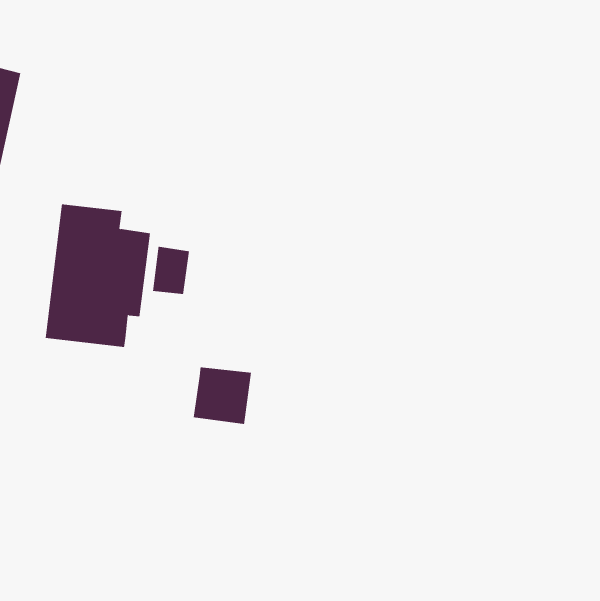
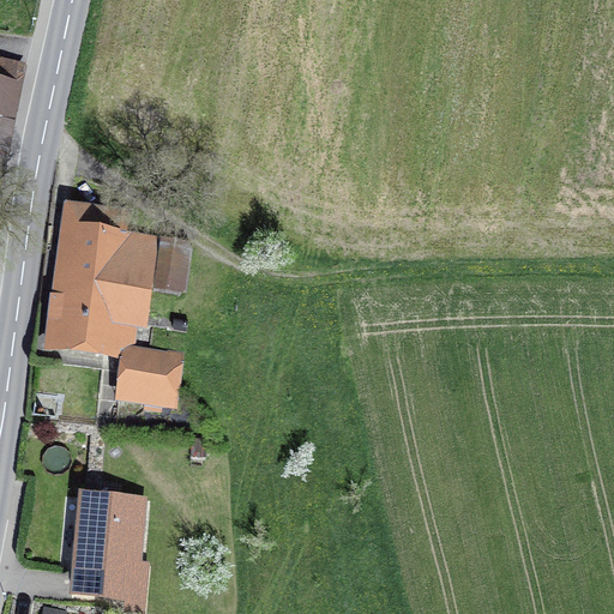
building: [193,367,252,424] -> [121,344,181,403]
building: none -> [72,495,145,600]

